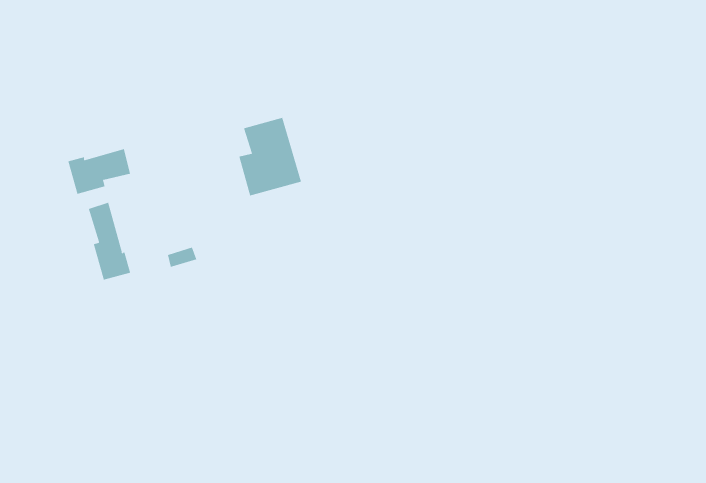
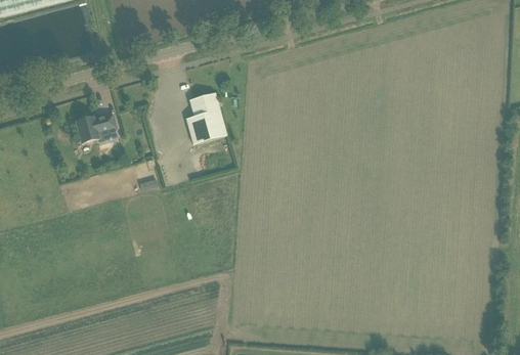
building: [88,202,131,280] -> none

